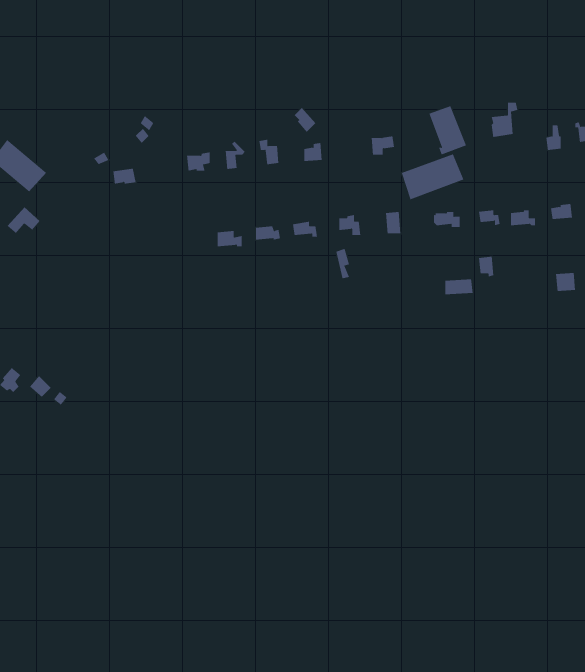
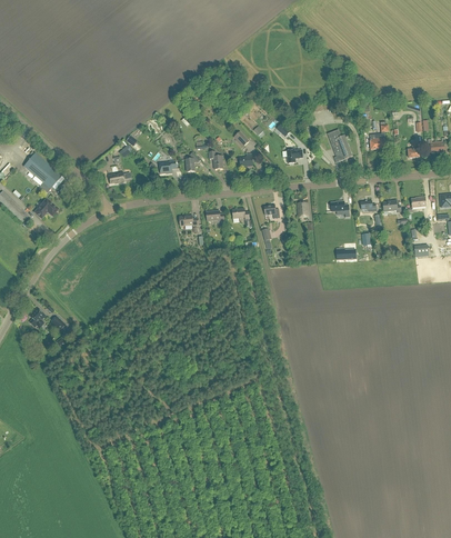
building: [401,153,464,200] -> none

